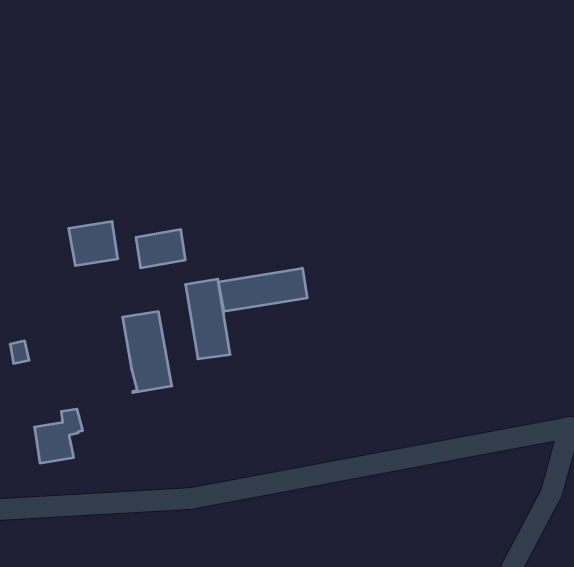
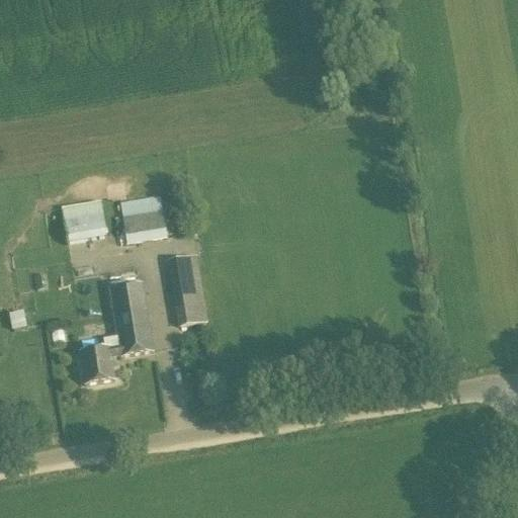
building: [218,268,307,311] -> none
building: [34,409,83,463] -> [80,332,123,380]

